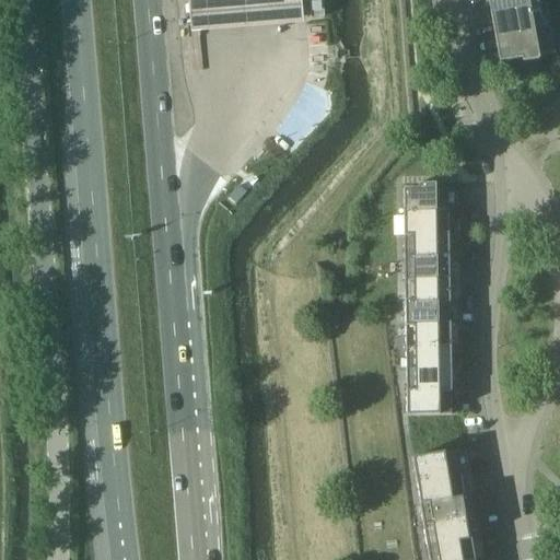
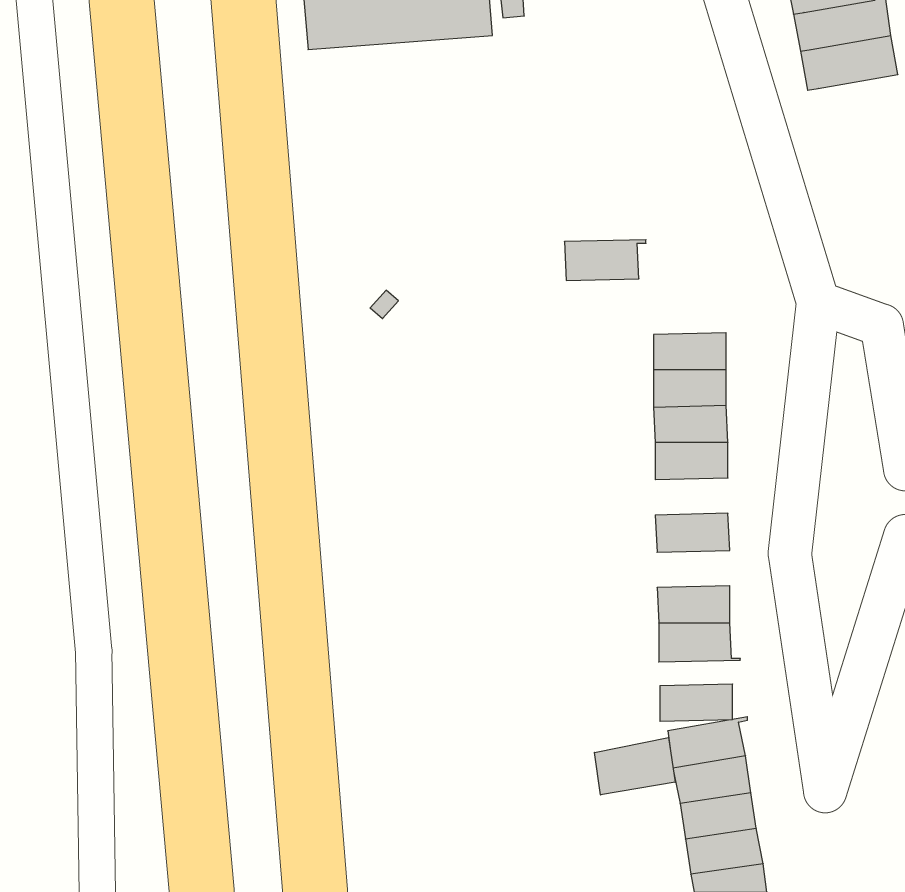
building: [402,182,453,207] -> [564,240,646,280]
building: [405,295,450,318] -> none
building: [406,340,451,363] -> [660,684,733,721]
building: none -> [594,738,675,795]

